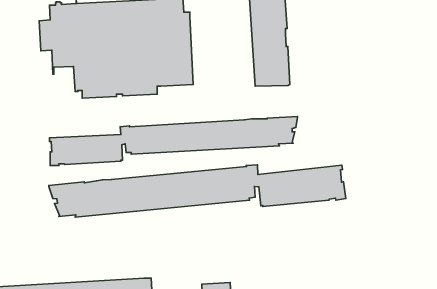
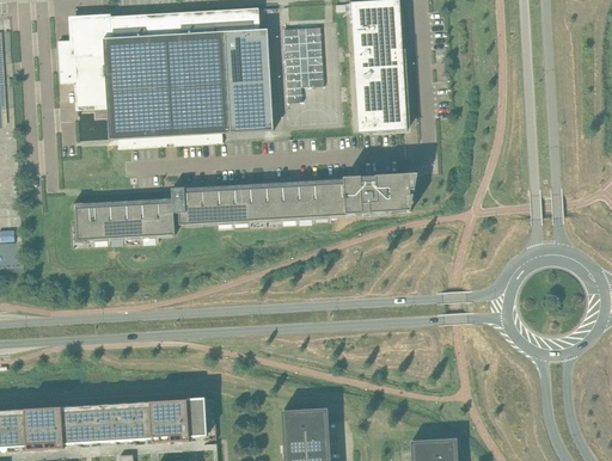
building: none -> [281,25,322,102]
building: [49,165,346,217] -> none

